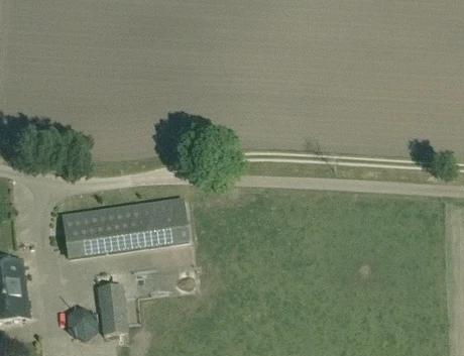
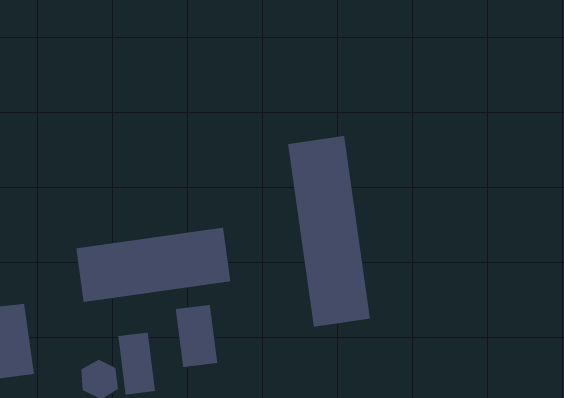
building: none -> [287,135,370,327]
building: none -> [175,304,218,368]

